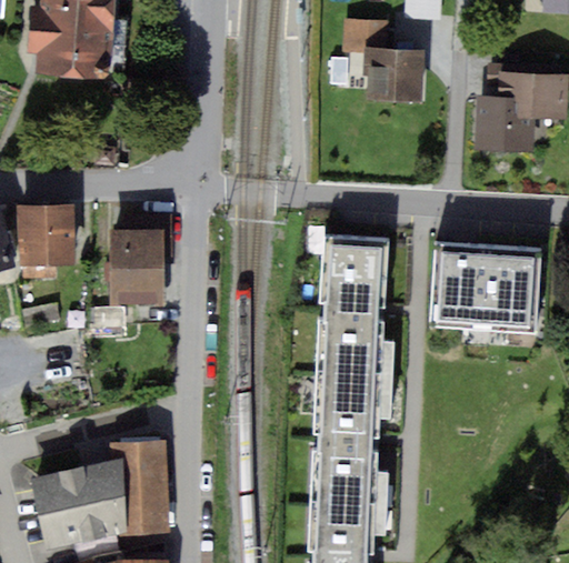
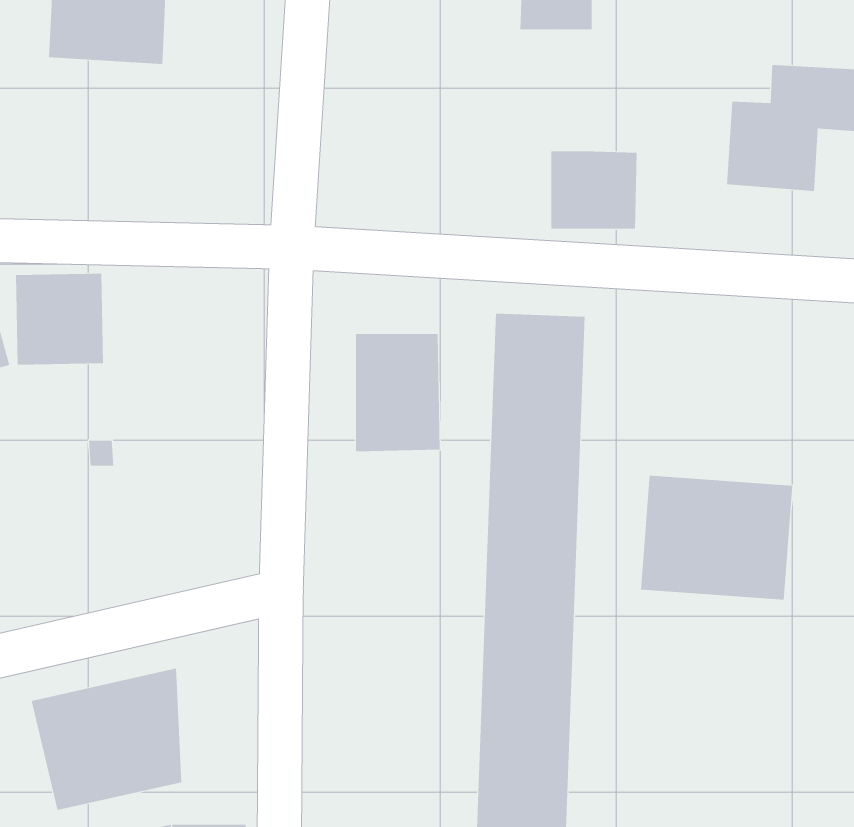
building: [366,51,421,101] -> [551,151,638,229]
building: [109,230,163,305] -> [355,333,440,452]
building: [433,245,531,325] -> [640,475,793,600]
building: [120,442,169,536] -> none

